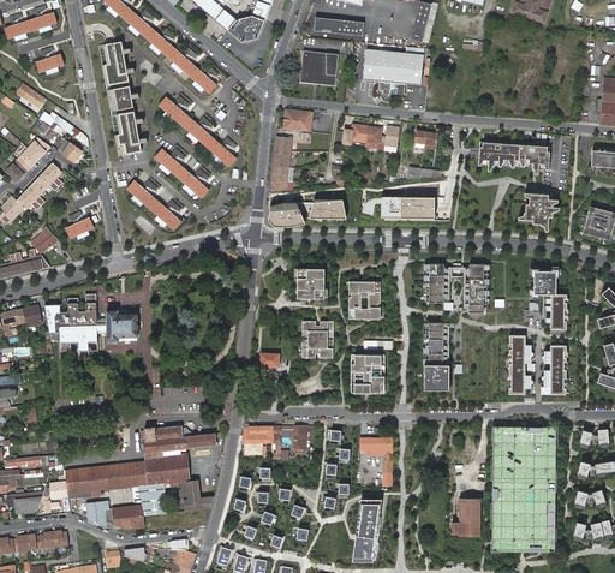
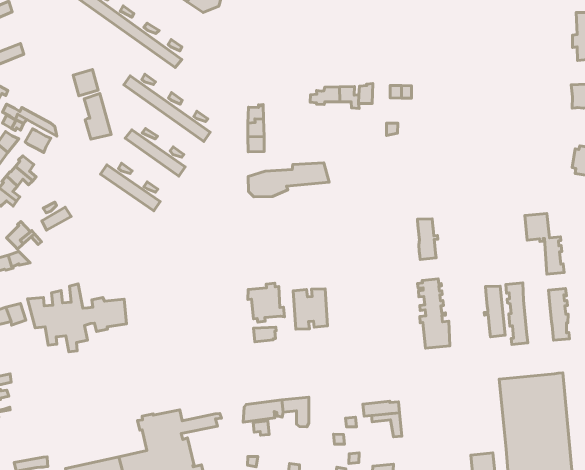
building: [105,42,127,85] -> none
building: [299,50,336,84] -> none
building: [363,50,423,100] -> none
building: [282,109,312,133] -> none
building: [477,141,548,172] -> none
building: [517,192,559,232] -> none
building: [381,196,436,217] -> none
building: [465,263,483,312] -> [484,286,505,337]
building: [293,265,327,302] -> [248,283,284,322]
building: [347,281,380,320] -> none
building: [350,356,383,394] -> none

